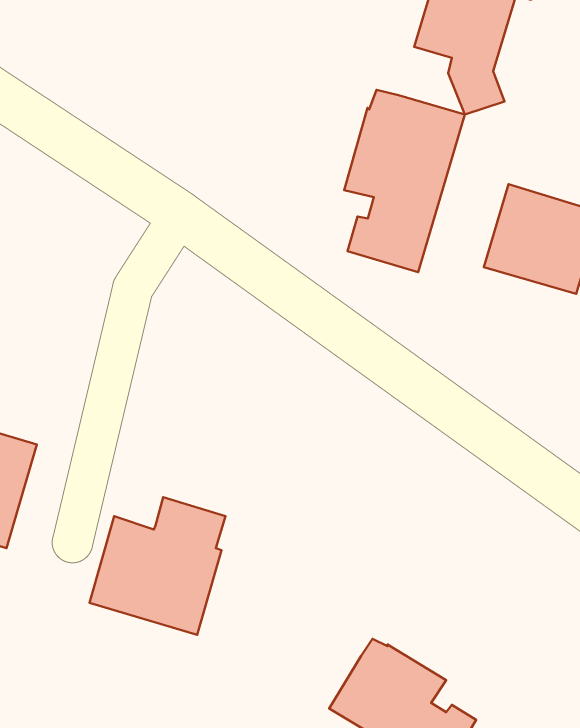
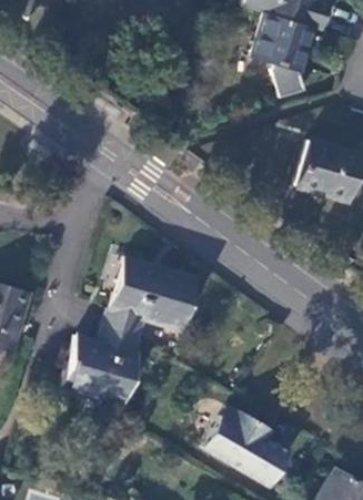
building: [344,90,465,272] -> none
building: none -> [104,256,198,334]

